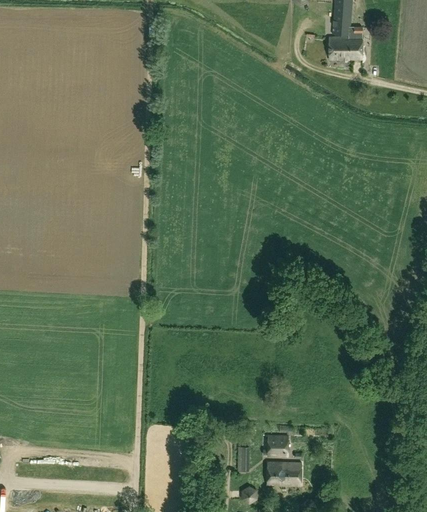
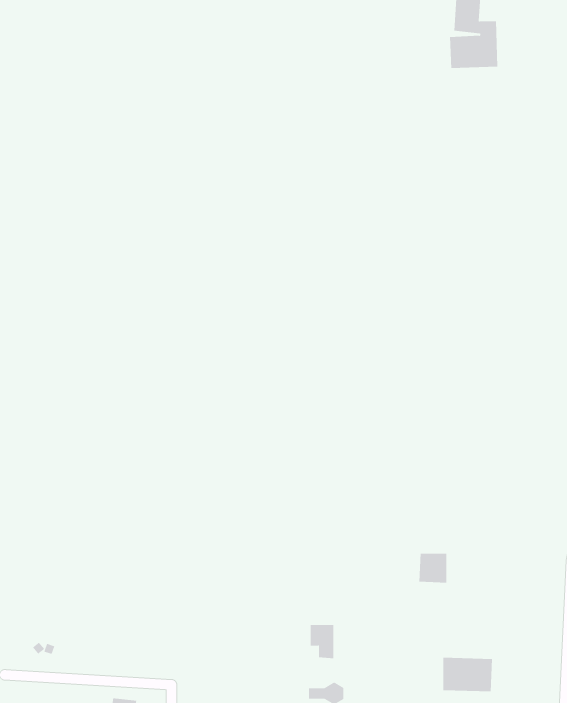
building: [268,435,288,456] -> [418,553,447,583]
building: [267,461,302,485] -> [443,657,493,692]

